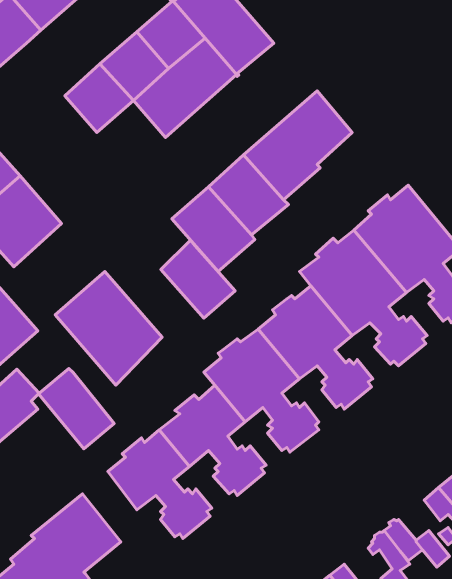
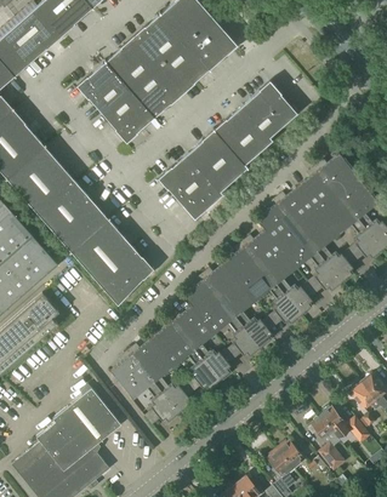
building: none -> [102,88,154,141]
building: none -> [39,182,108,251]
building: [161,240,235,318] -> none
building: [39,368,114,449] -> none

